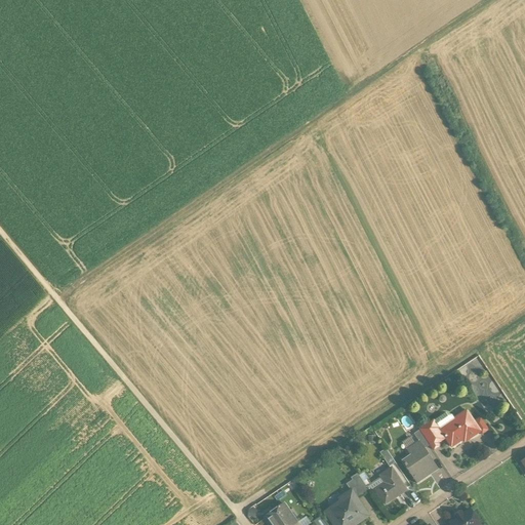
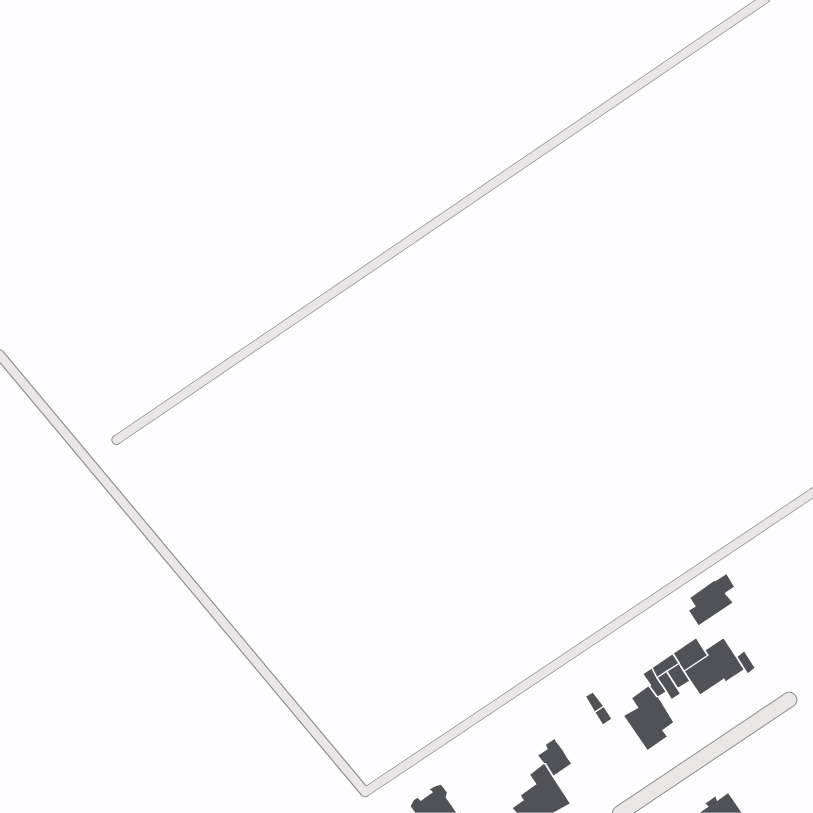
building: none -> [688,573,735,626]
building: [365,468,404,504] -> none

